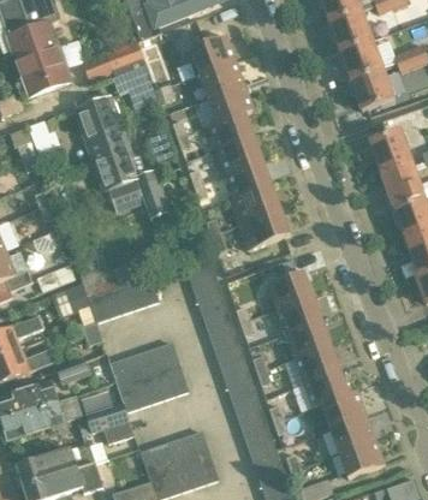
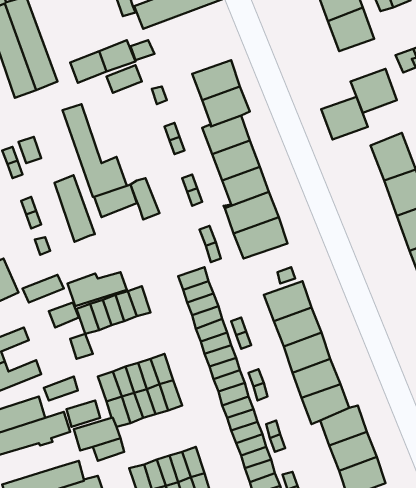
building: [172,24,236,72] -> none
building: [339,38,384,79] -> [321,97,368,139]
building: [93,94,131,157] -> [54,175,95,242]

